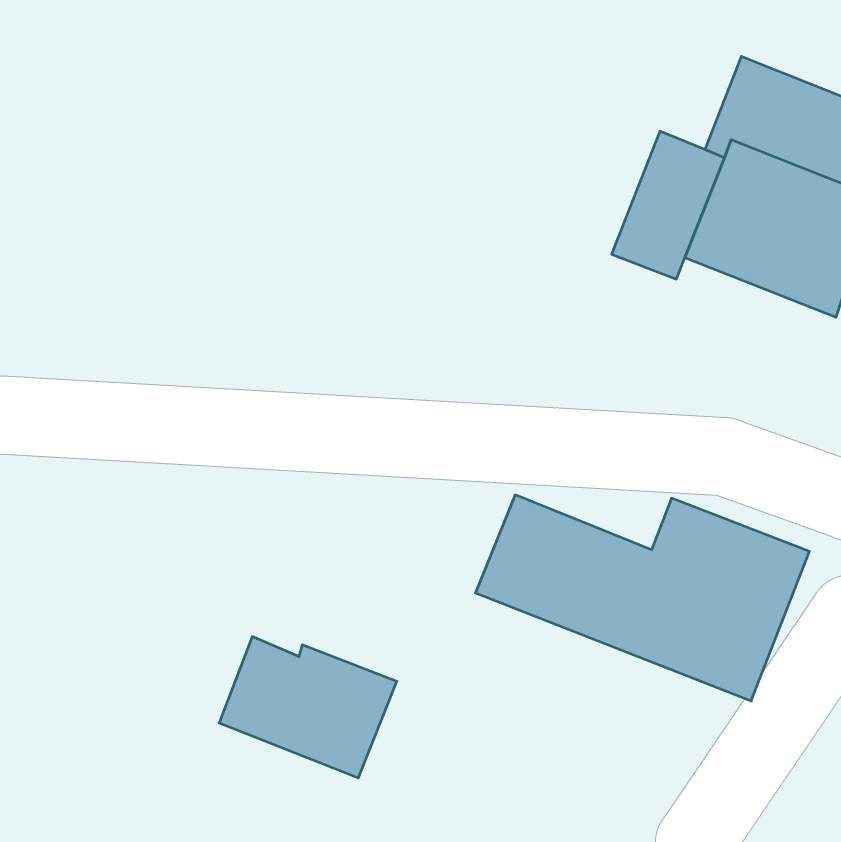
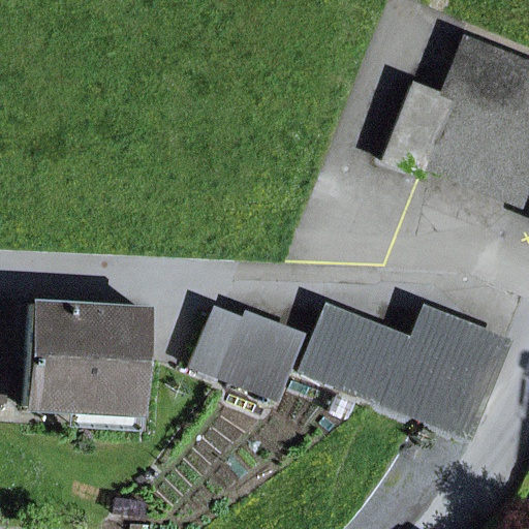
building: none -> [26,301,149,407]
building: [219,637,397,778] -> [192,310,303,398]

